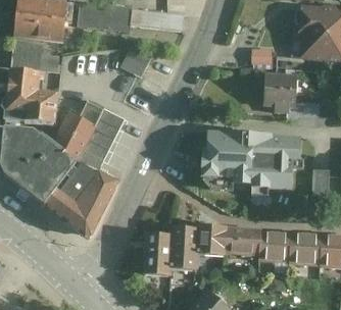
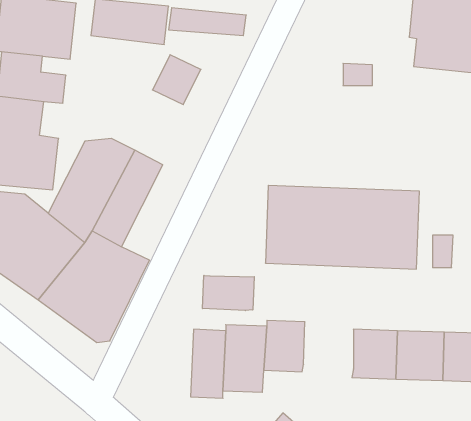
building: [266,69,301,105] -> none
building: none -> [203,275,254,311]
building: [224,226,258,259] -> none

